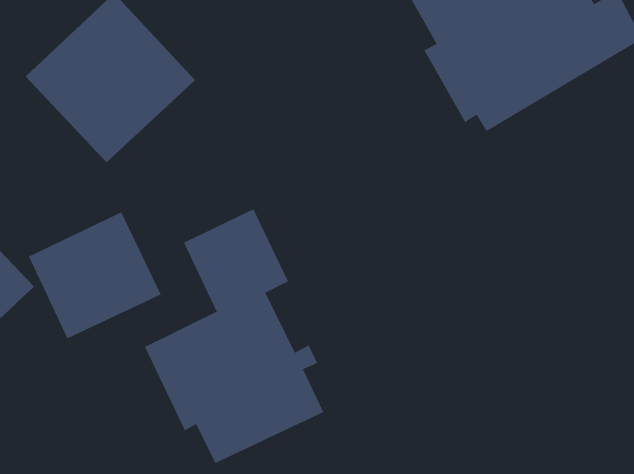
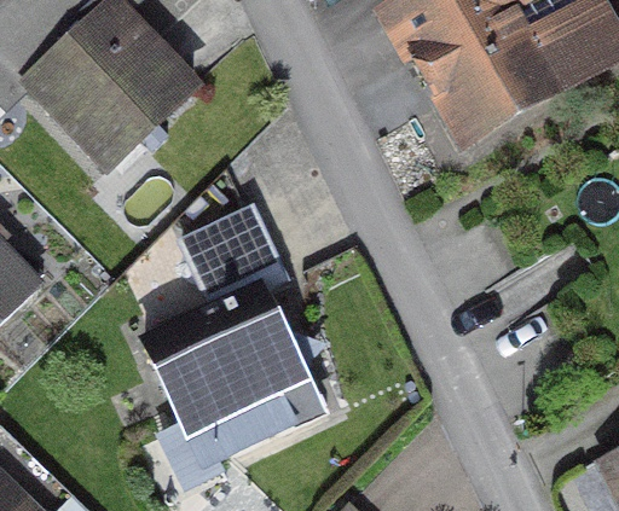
building: [28,211,161,339] -> none

